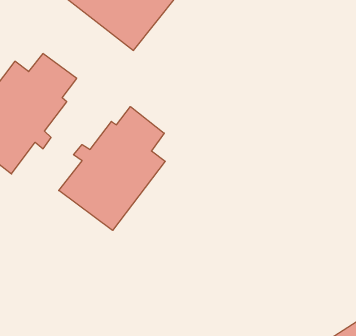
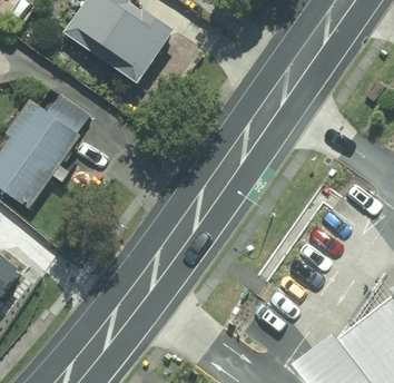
building: [59,107,165,230] -> none

